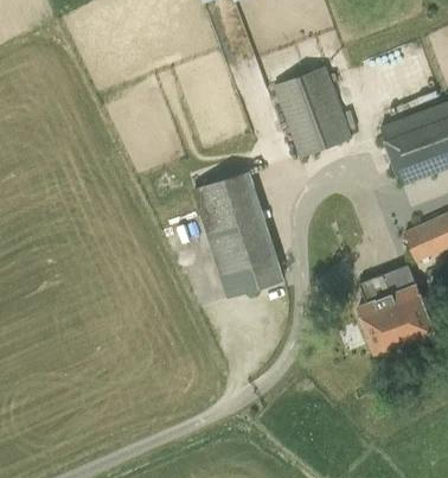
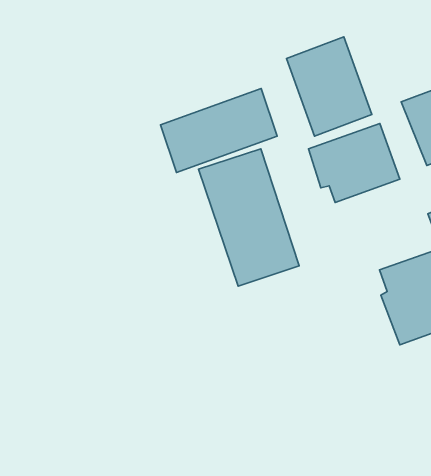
building: none -> [160,89,277,173]
building: none -> [309,124,400,203]

